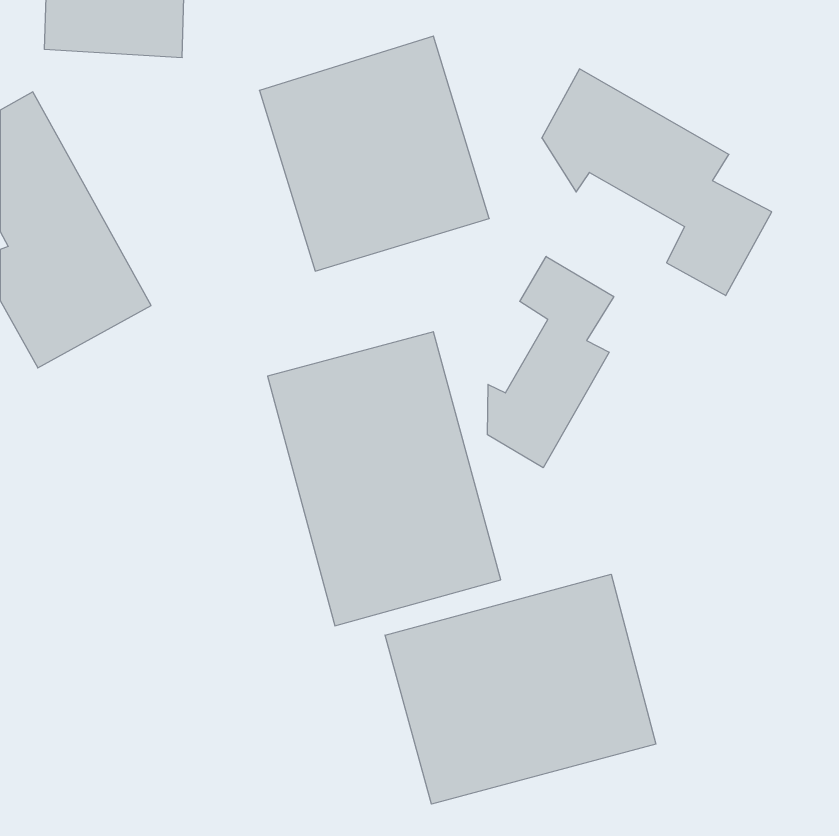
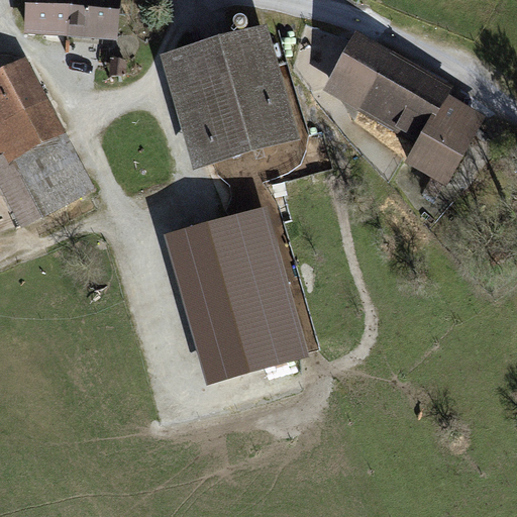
building: [488,256,614,468] -> none
building: [385,574,656,804] -> none

